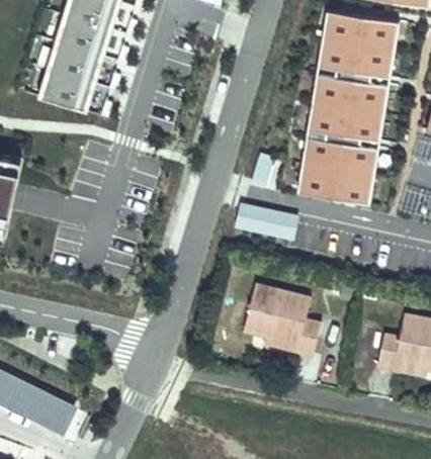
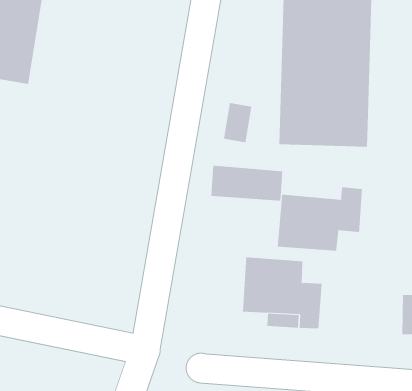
building: none -> [277,186,363,251]

